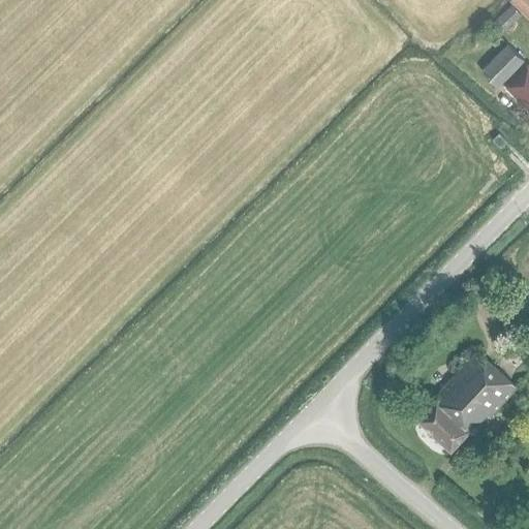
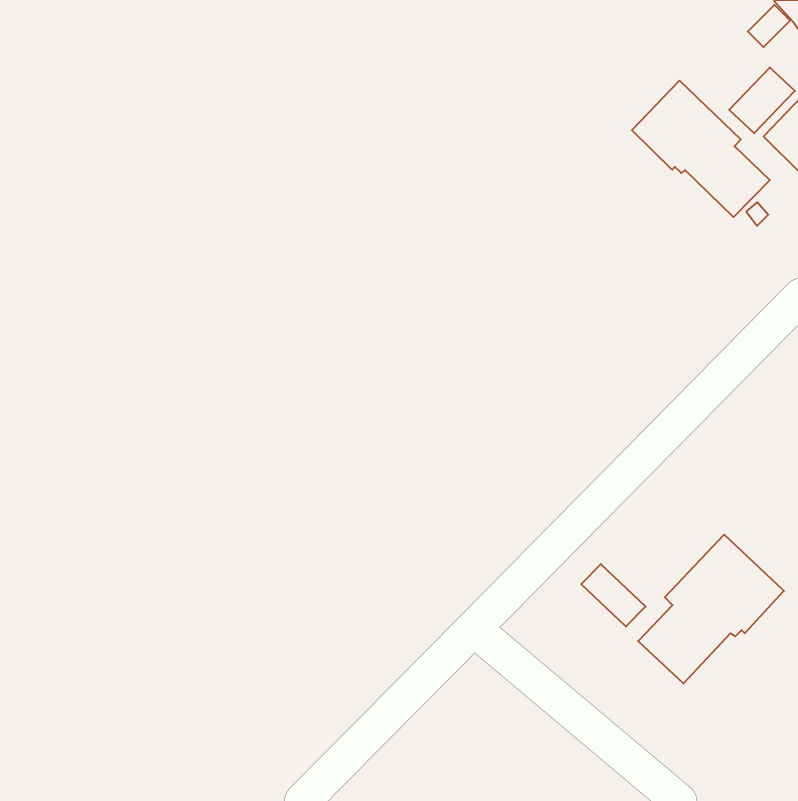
building: none -> [632,81,770,217]
building: none -> [581,564,646,627]

